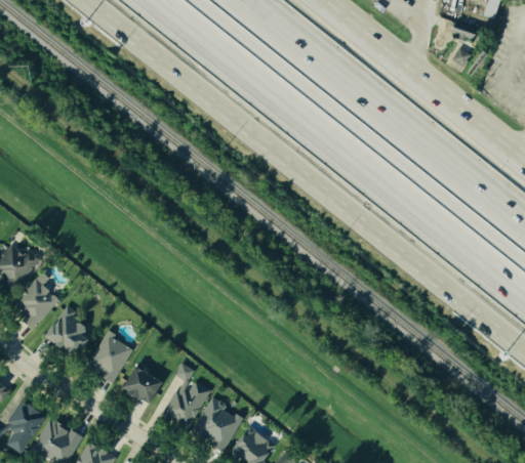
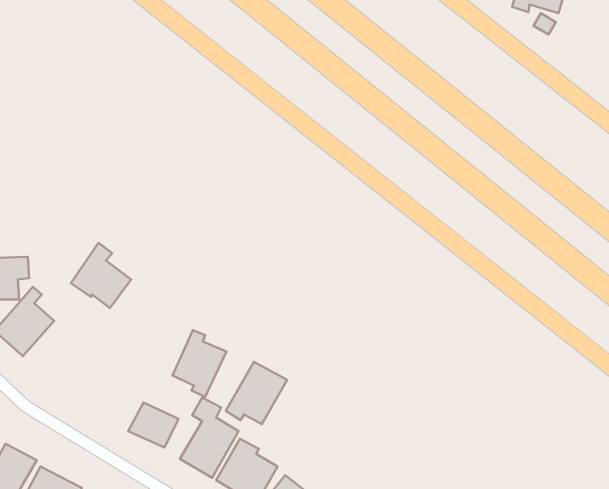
building: [44,304,93,357] -> [71,243,131,308]
building: [89,330,133,384] -> [173,330,227,397]
building: none -> [226,362,287,424]

